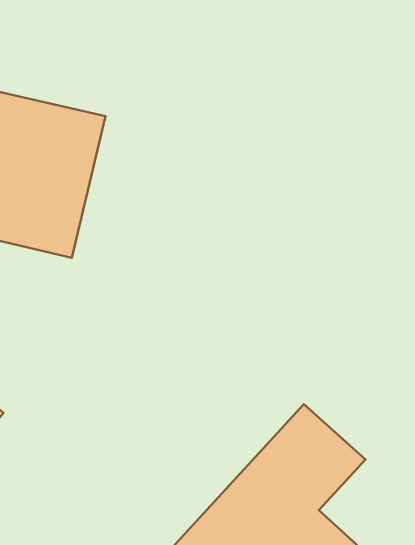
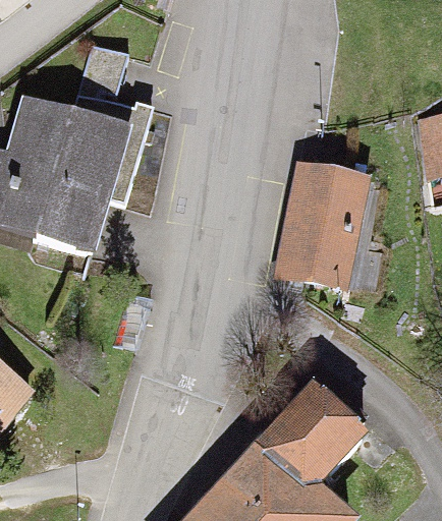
building: none -> [279,167,367,288]

